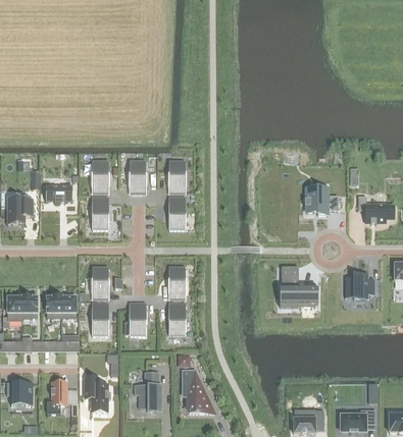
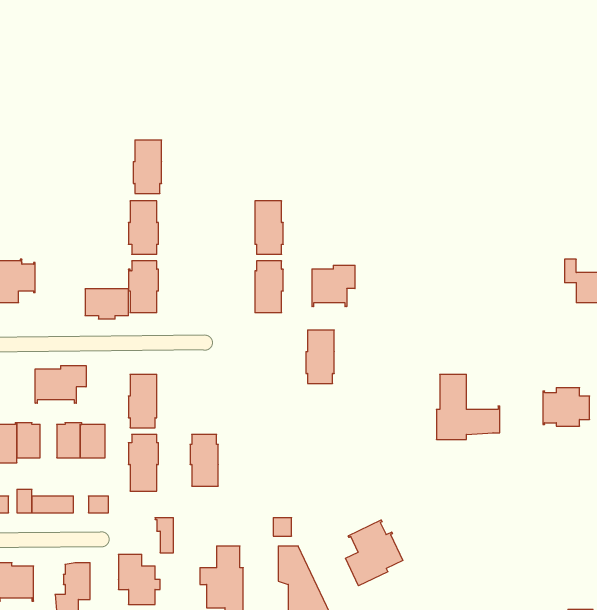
building: [129,160,146,193] -> [133,140,162,193]
building: [46,184,72,203] -> [85,289,128,319]
building: [307,192,338,217] -> none
building: none -> [312,265,355,307]
building: none -> [35,366,86,403]
building: [168,266,186,298] -> [306,330,334,383]
building: [168,303,186,334] -> none
building: none -> [345,520,403,586]

